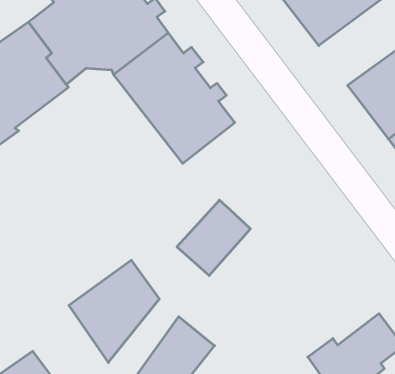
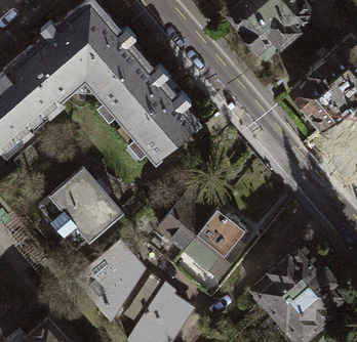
building: none -> [38,167,123,251]
building: none -> [187,209,247,276]
building: none -> [253,242,326,309]

